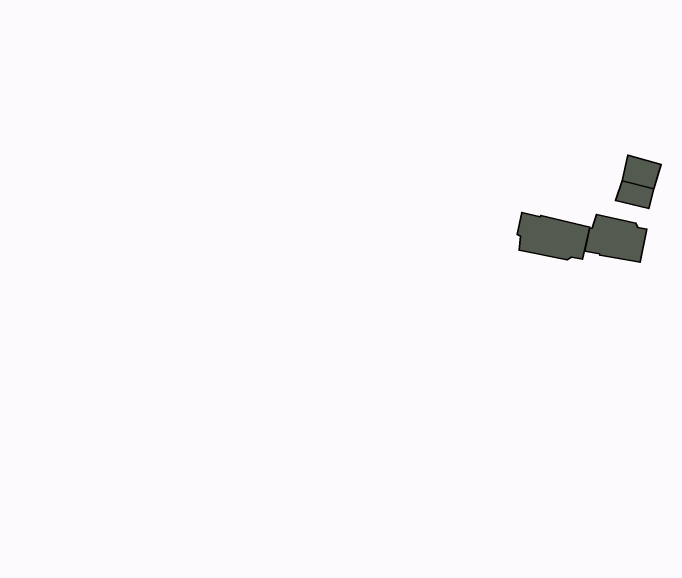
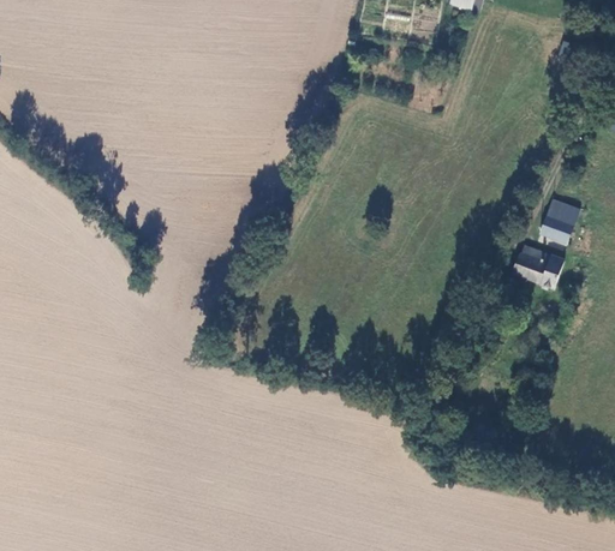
building: [517,212,590,260] -> none

